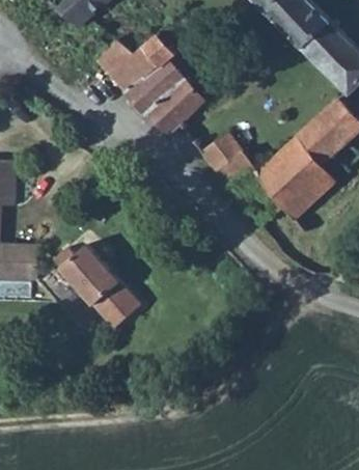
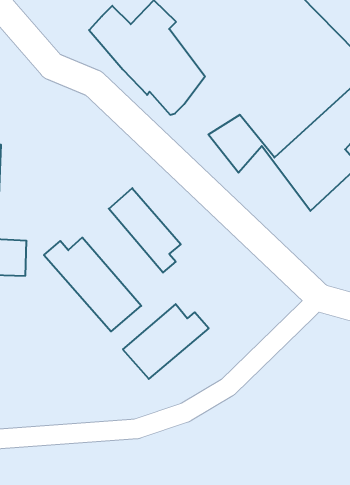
building: none -> [109,188,181,273]
building: none -> [123,304,209,379]

